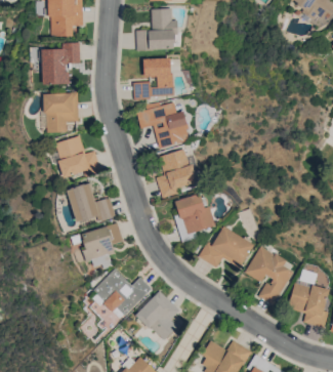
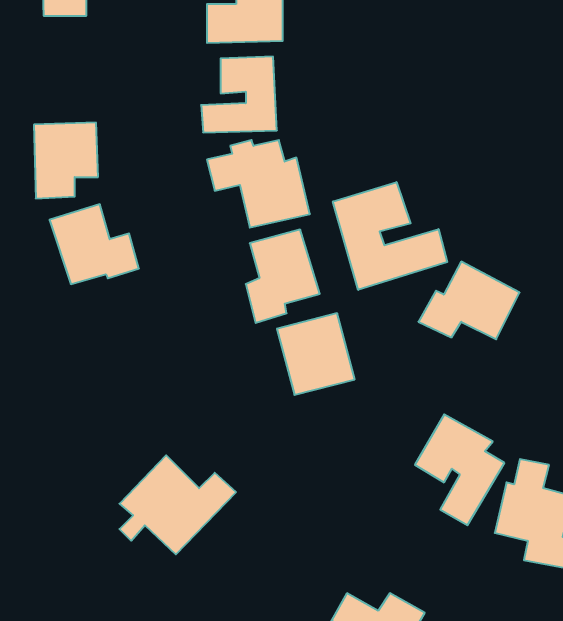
building: [42,42,81,84] -> none
building: none -> [333,182,447,290]
building: [67,182,115,224] -> none
building: [80,222,123,268] -> none
building: [200,226,253,267] -> [418,262,520,339]
building: [136,290,180,340] -> none

